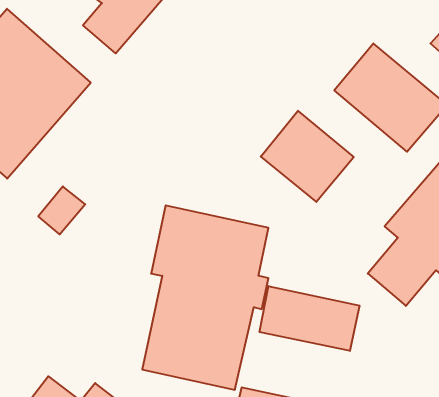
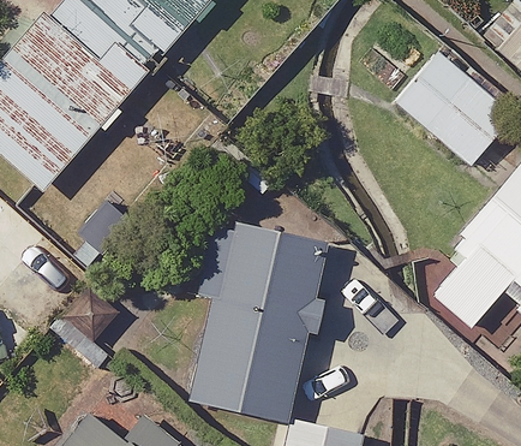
building: [261,111,354,202] -> none
building: [260,286,360,351] -> none

